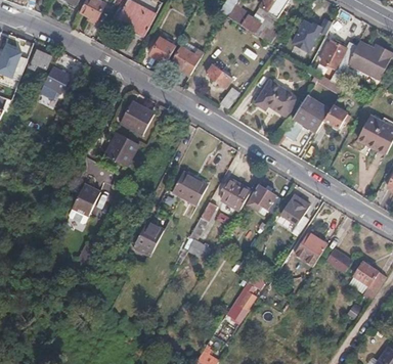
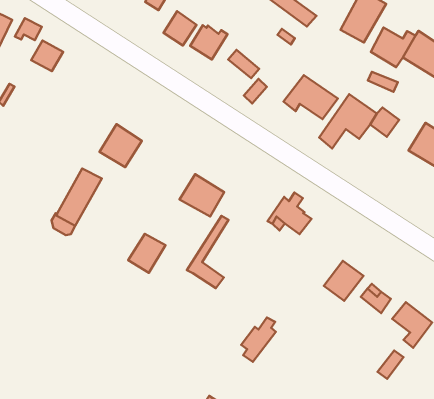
building: [121,102,158,136] -> none
building: [218,177,250,210] -> none
building: [278,193,307,231] -> none

